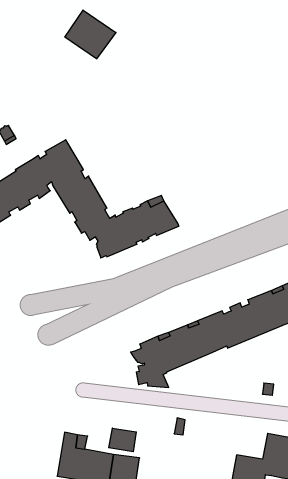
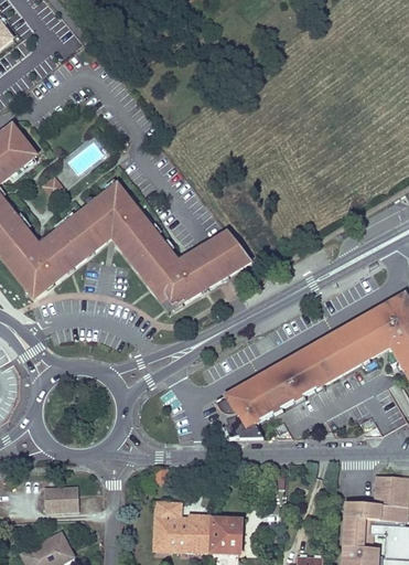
building: [65,10,116,59] -> none
building: [109,428,136,452] -> none

